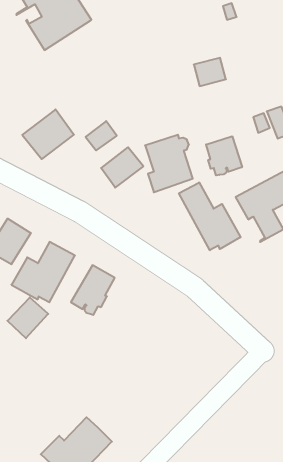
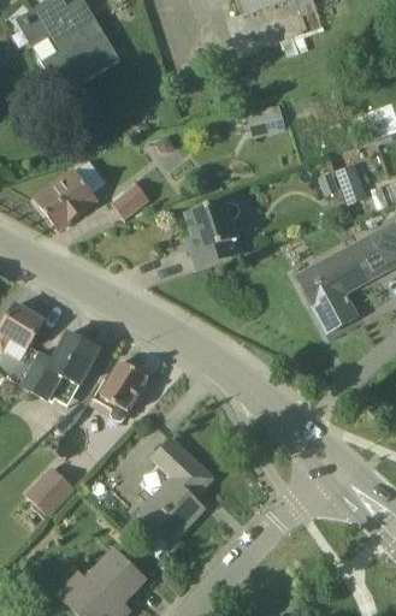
building: [206,136,242,175] -> none
building: [101,147,143,188] -> none
building: [179,182,241,250] -> none
building: [7,297,48,338] -> [25,466,76,516]
building: none -> [138,438,213,544]

